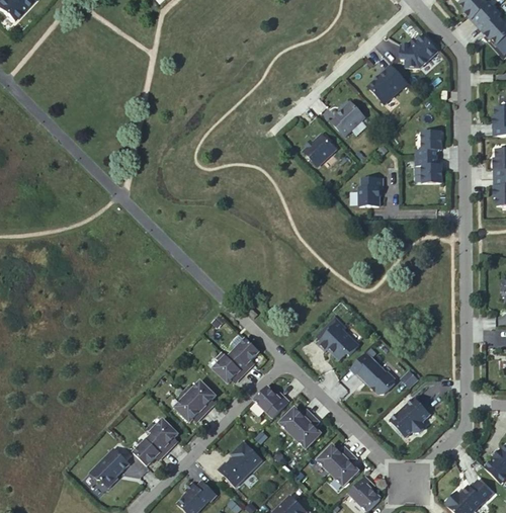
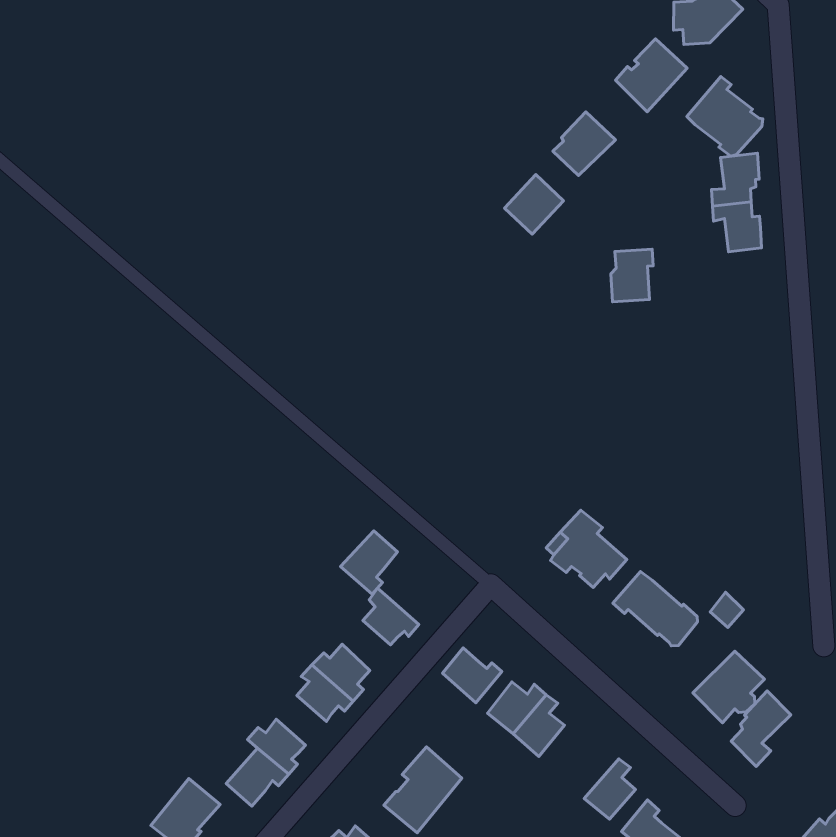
building: none -> [687,77,763,156]
building: [227,339,258,373] -> [341,531,397,594]
building: none -> [731,691,791,766]
building: [315,445,347,474] -> none

